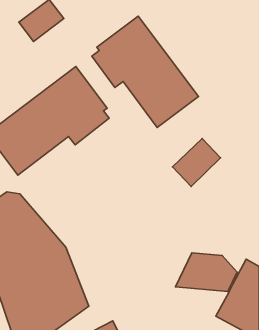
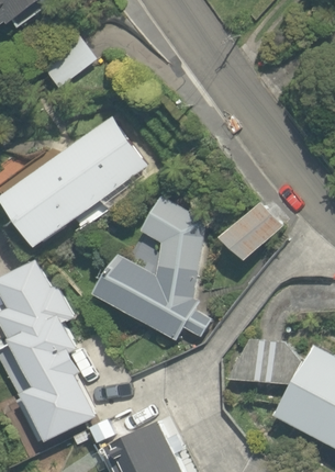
building: [92,16,199,127] -> none
building: none -> [94,194,210,339]

